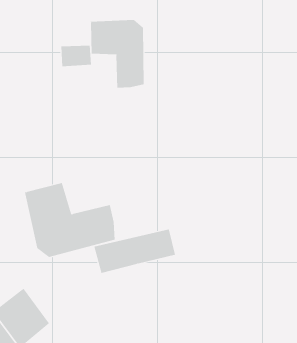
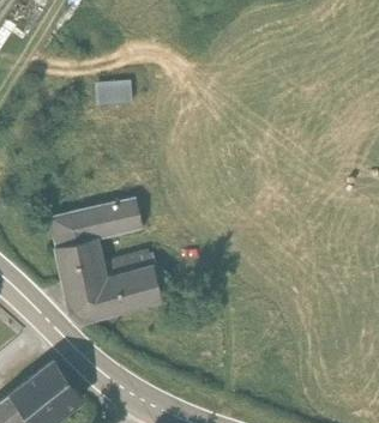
building: [89,19,144,88] -> none
building: [93,229,176,273] -> [48,194,143,246]

